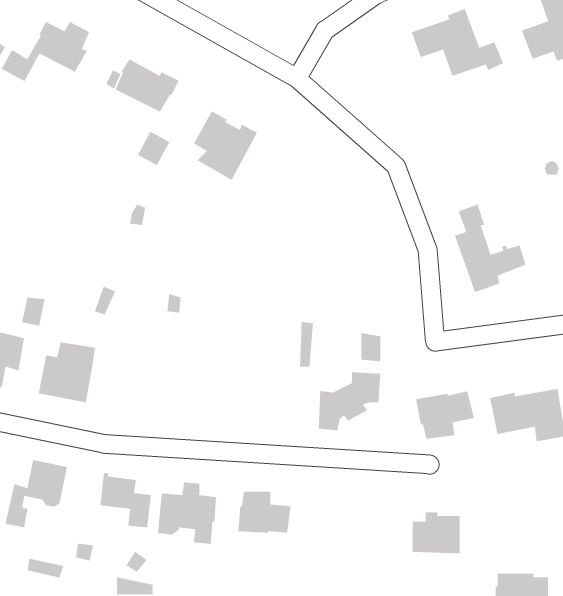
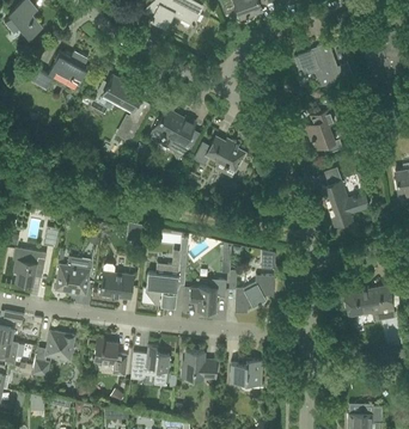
building: none -> [306,109,343,154]
building: none -> [194,136,246,171]
building: none -> [147,251,188,307]
building: none -> [100,263,134,299]
building: none -> [191,280,227,311]
building: [415,390,475,439] -> none
building: [412,511,460,554] -> [231,357,262,385]

